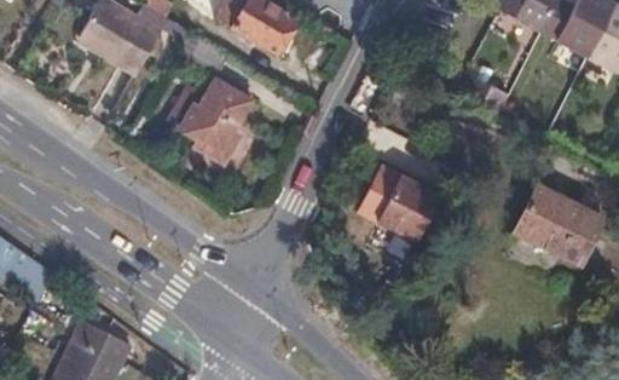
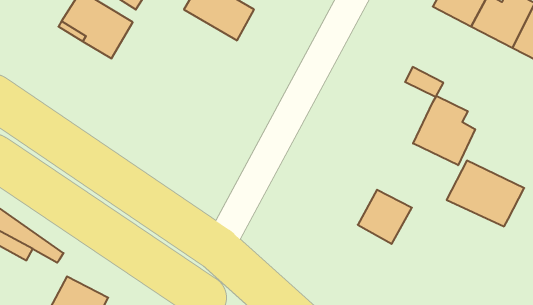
building: [180,80,249,151] -> none
building: none -> [413,96,475,165]
building: [374,183,435,244] -> [358,190,412,244]

